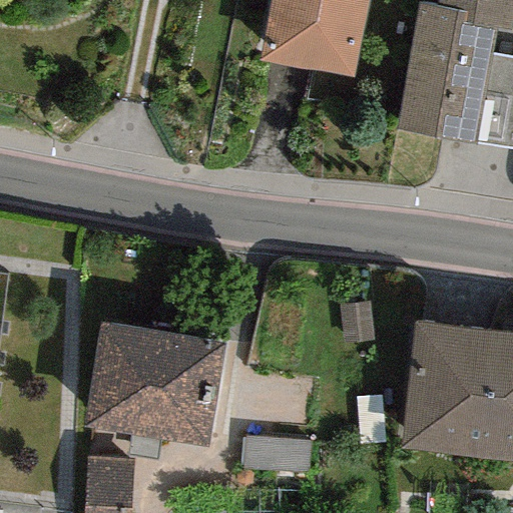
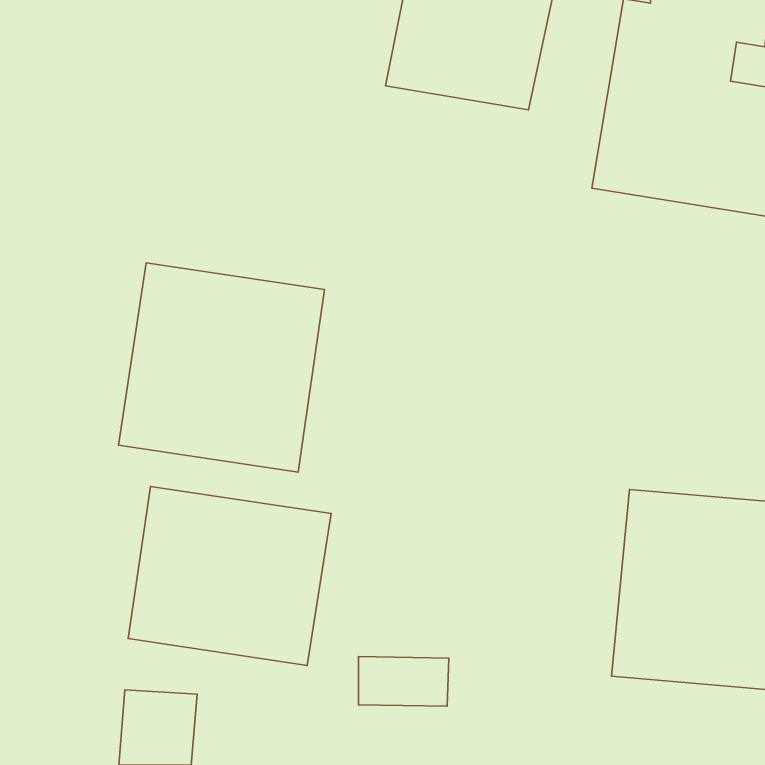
building: none -> [118,263,324,472]

